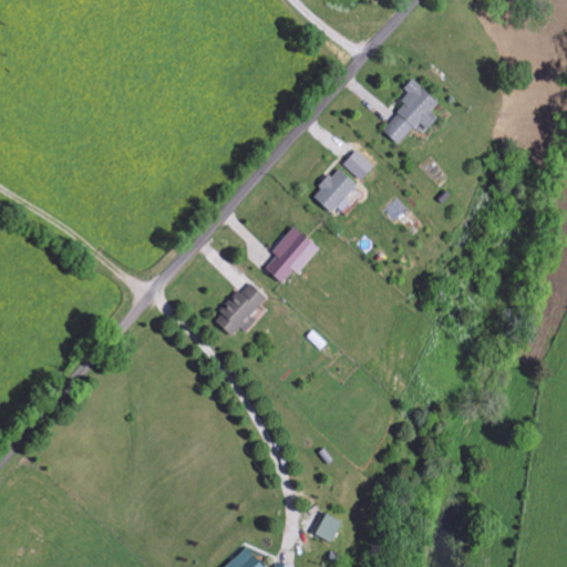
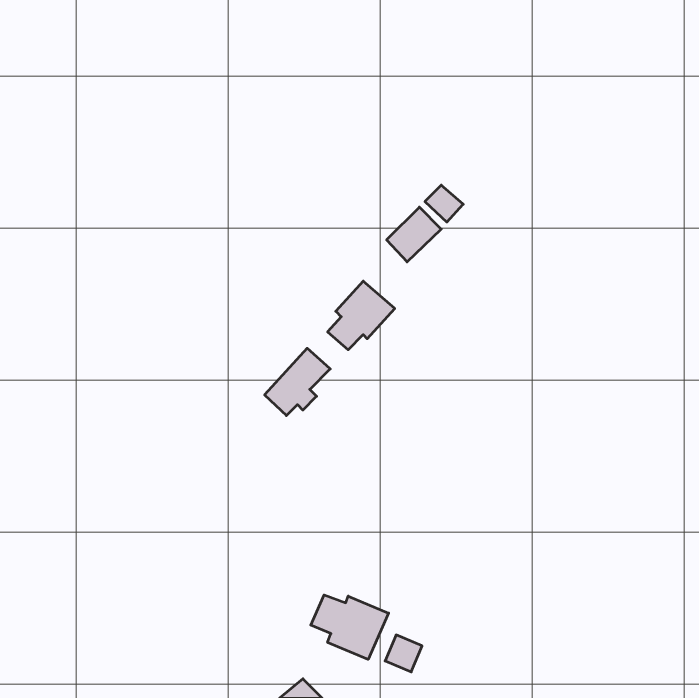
building: [381,79,437,144] -> none
building: none -> [311,595,389,659]

